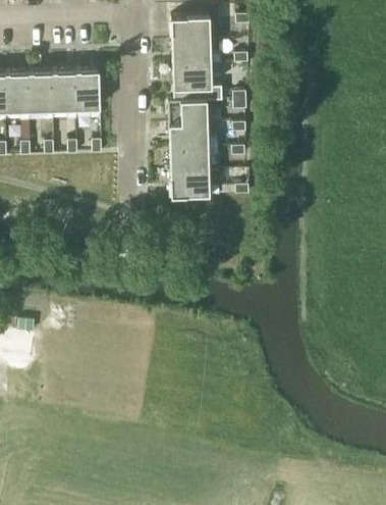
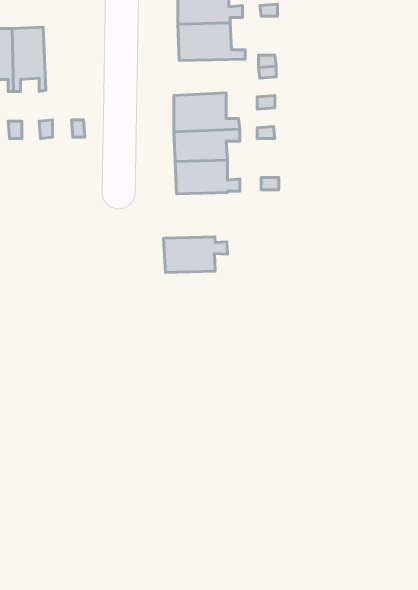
building: [69,70,99,119] -> none
building: [167,96,222,123] -> none
building: none -> [164,237,228,273]

